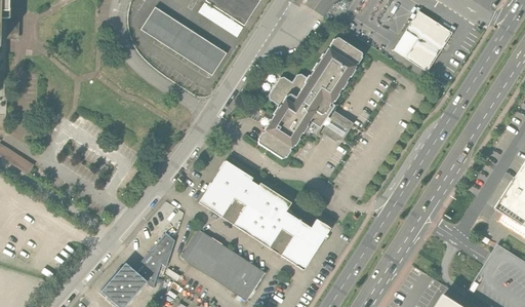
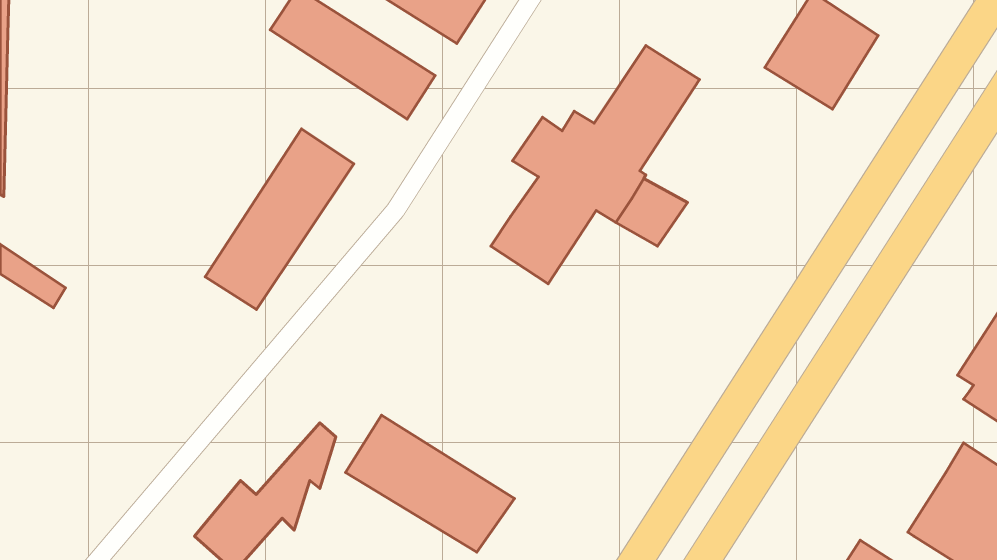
building: none -> [205,129,354,310]
building: [198,160,329,269] -> none

